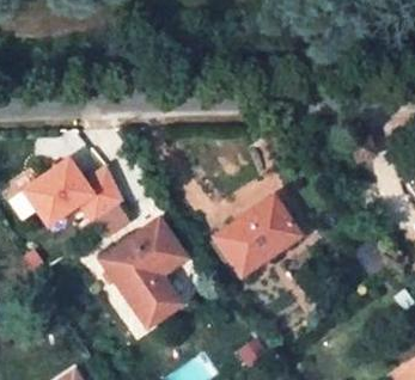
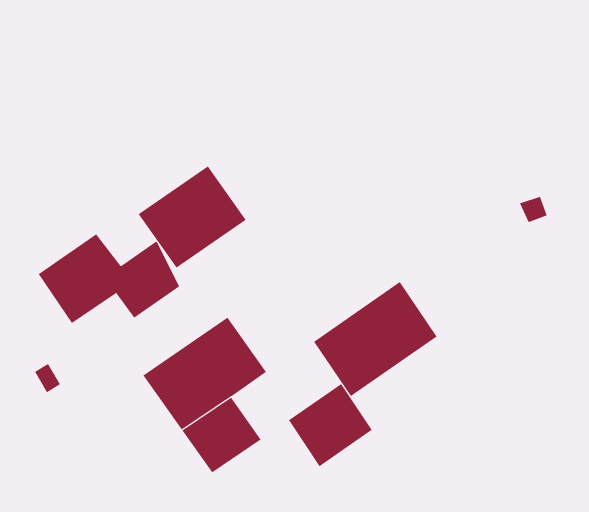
building: none -> [138,165,246,268]
building: none -> [288,383,373,467]

